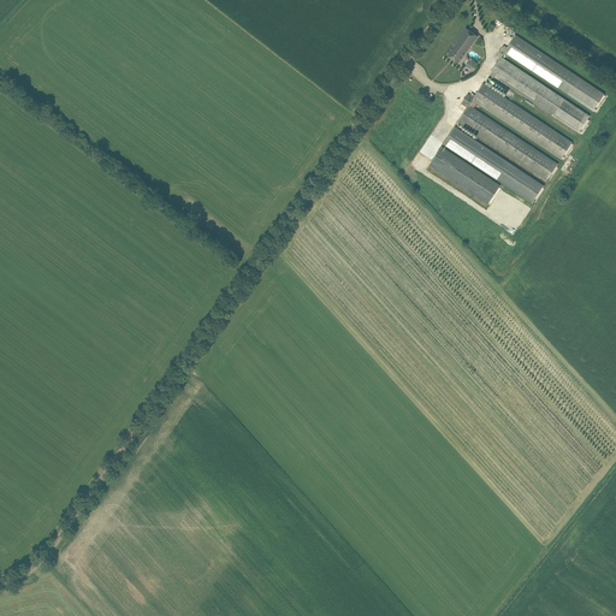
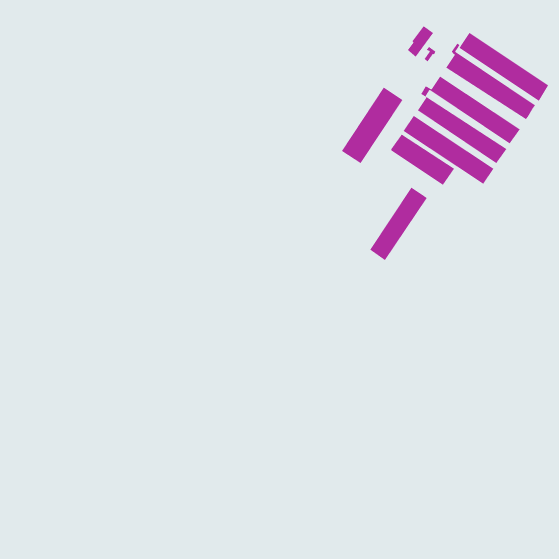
building: none -> [341,86,404,164]
building: none -> [369,187,428,261]

